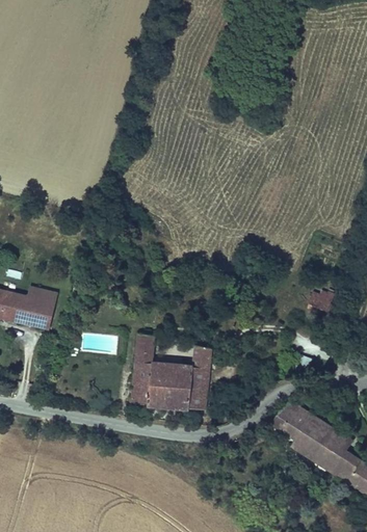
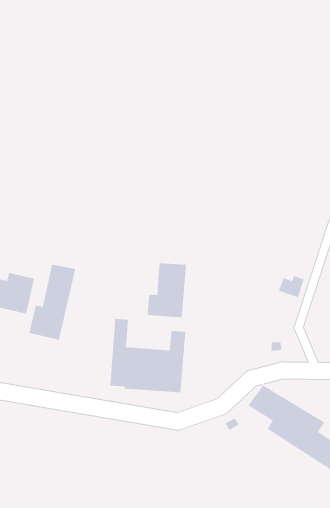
building: none -> [147,263,186,318]
building: none -> [29,264,76,341]

